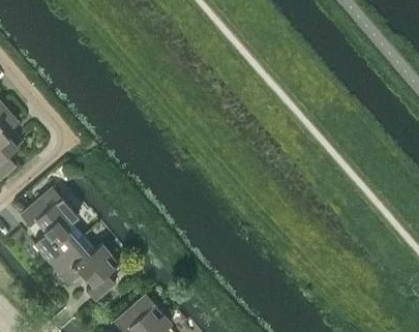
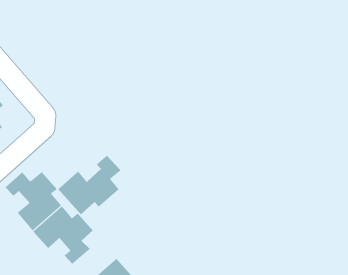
building: none -> [57,155,122,215]

